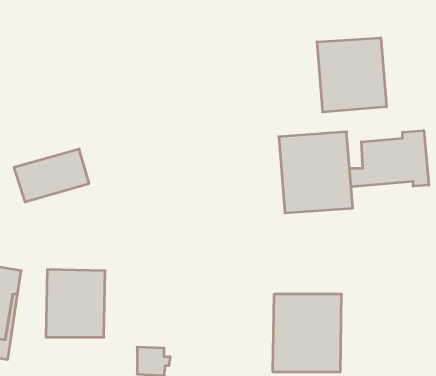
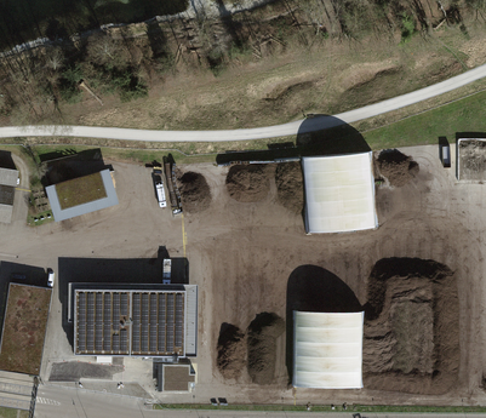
building: [317,38,386,112] -> none
building: [349,130,429,187] -> none
building: none -> [131,288,185,355]

